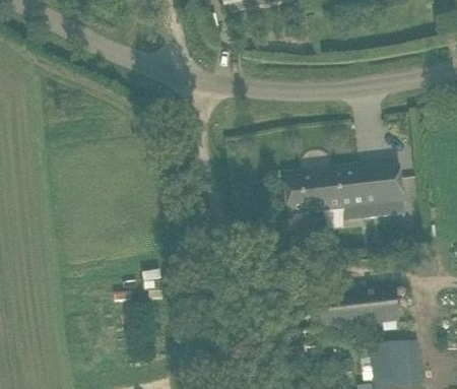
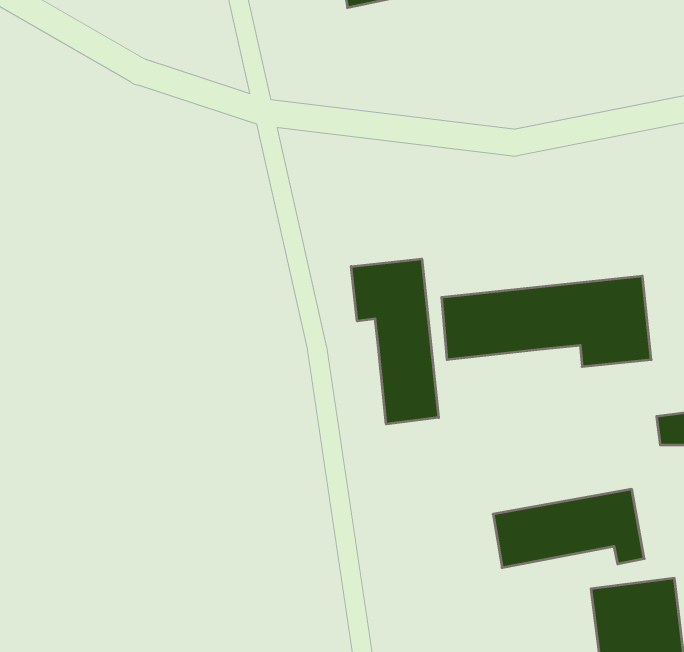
building: none -> [351,259,439,424]

